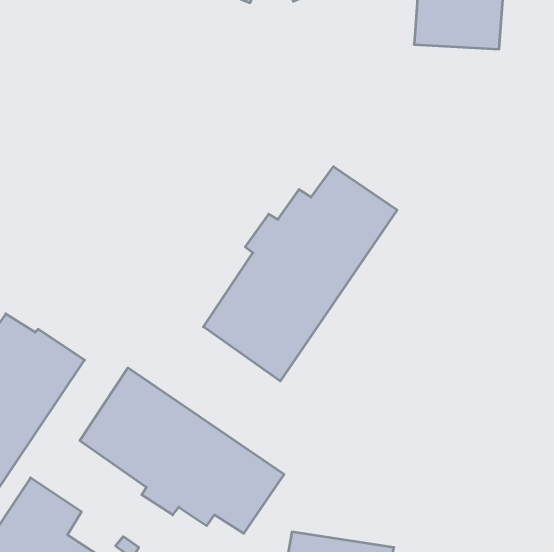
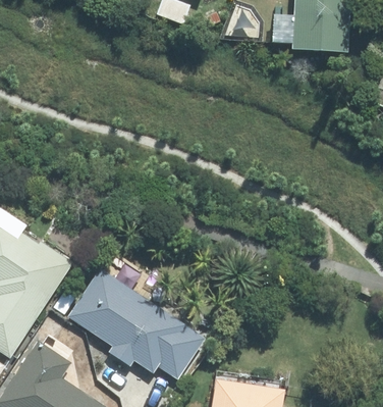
building: [203,167,397,381] -> none

